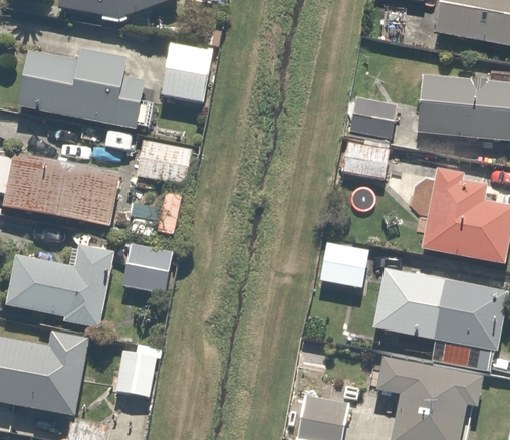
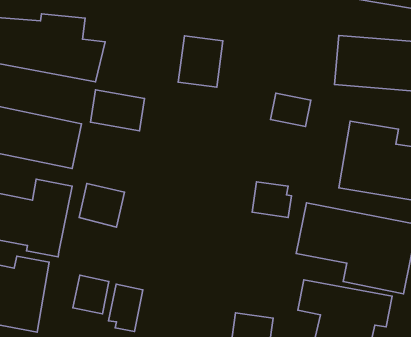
building: [162,42,213,101] -> [178,36,223,87]
building: [350,92,398,139] -> none
building: none -> [109,284,143,331]

